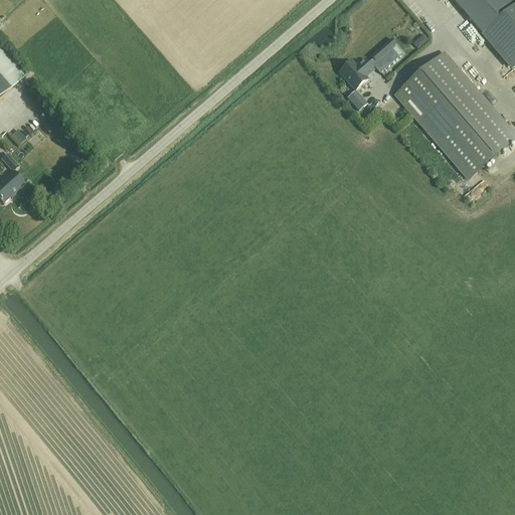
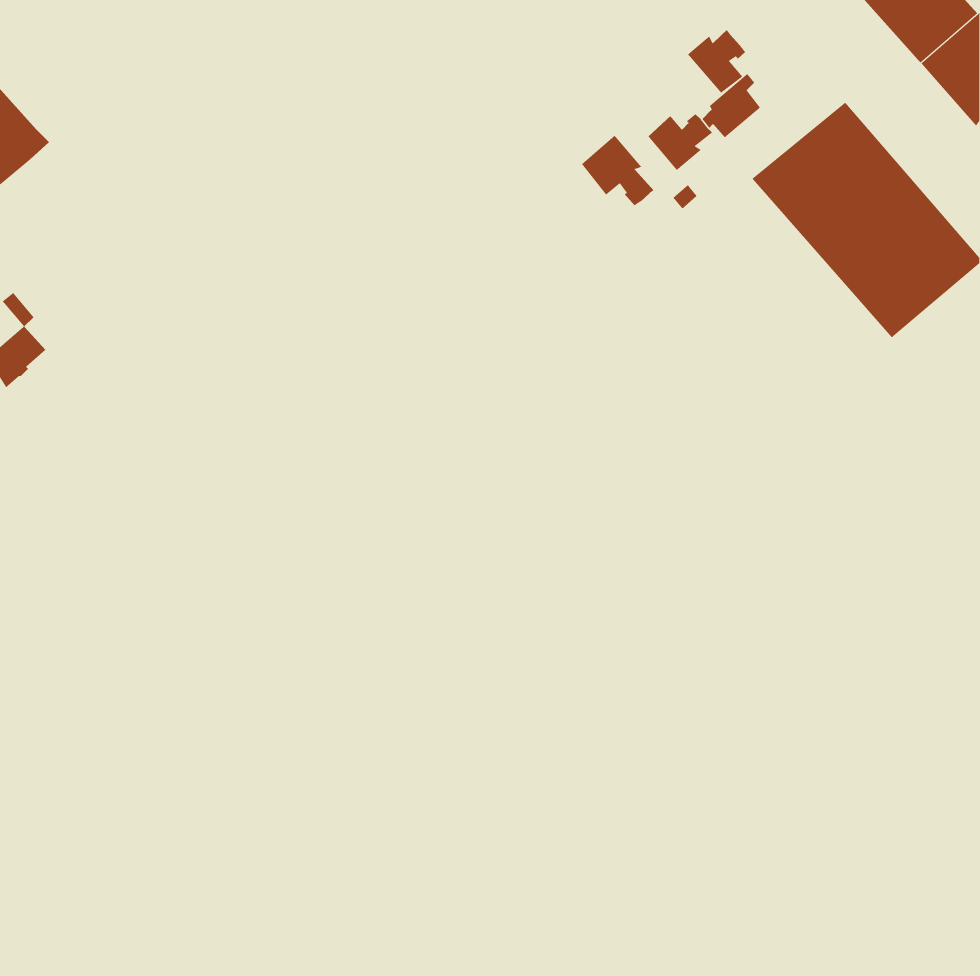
building: none -> [687,29,746,94]
building: none -> [581,135,654,206]

